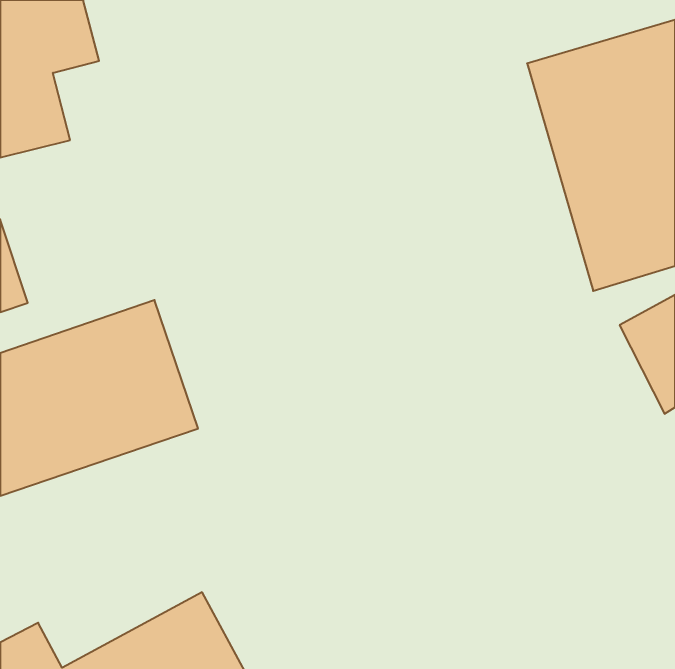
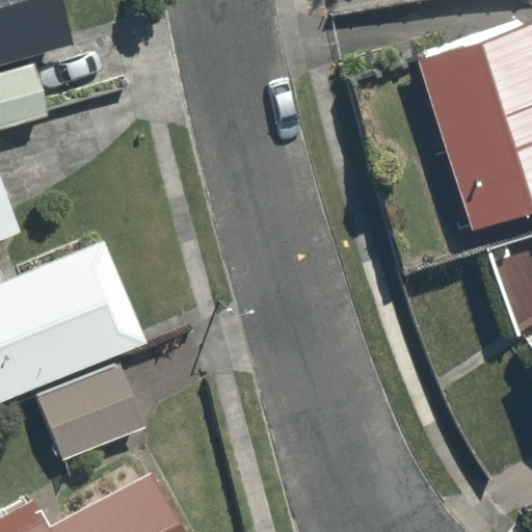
building: none -> [30,353,161,474]

